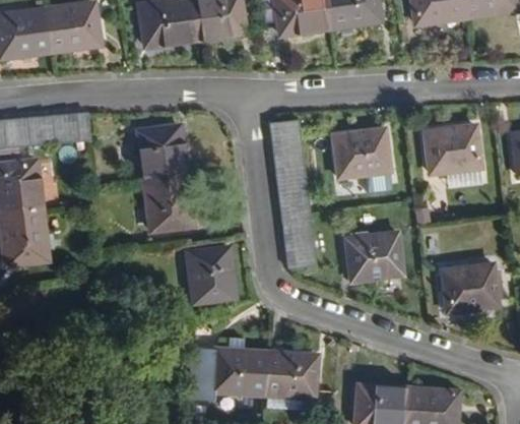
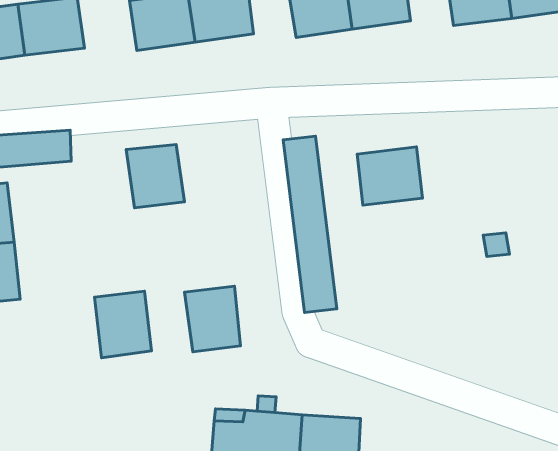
building: [424,125,479,174] -> none
building: [142,174,191,231] -> [94,291,151,358]
building: [344,233,400,281] -> none
building: [440,264,497,313] -> none

